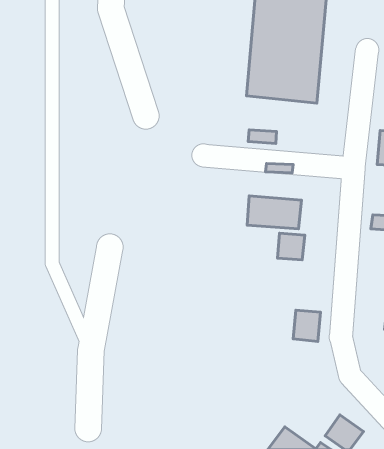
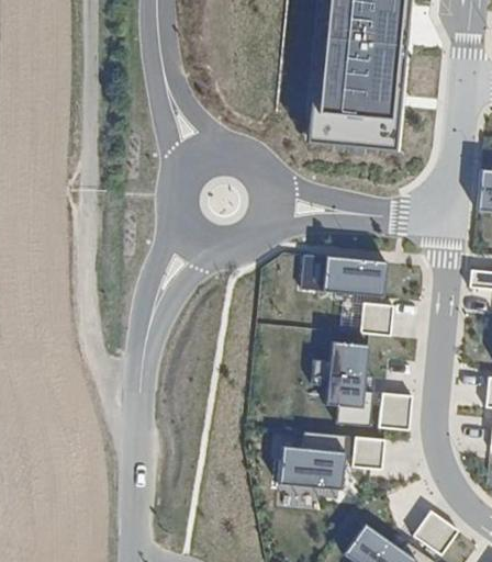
building: none -> [310,341,371,426]
building: none -> [276,429,343,486]
building: none -> [349,434,382,467]

